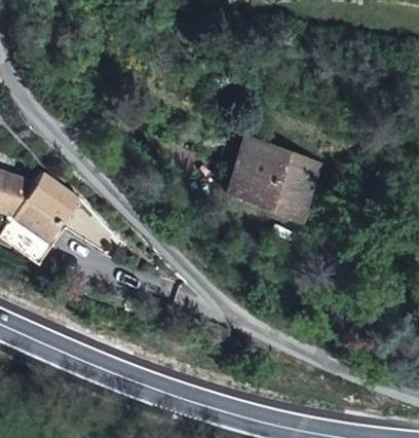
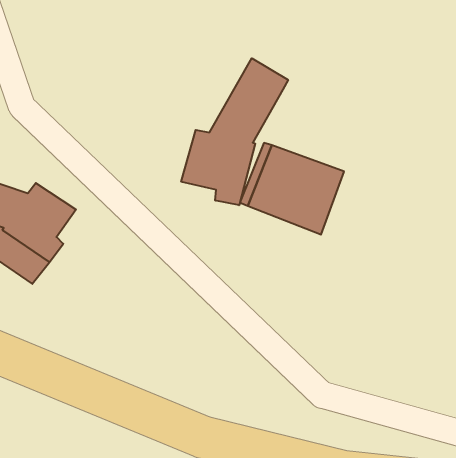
building: none -> [181,58,288,205]

